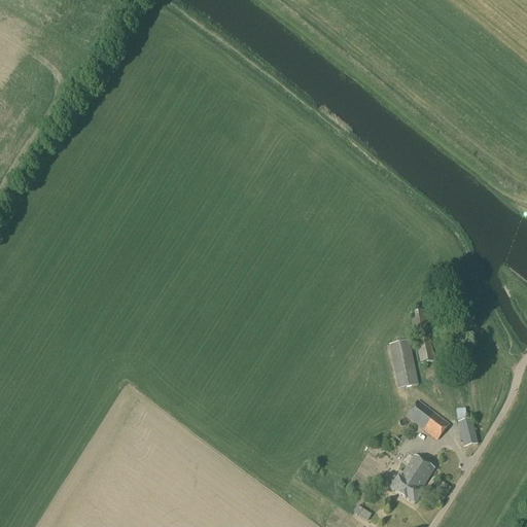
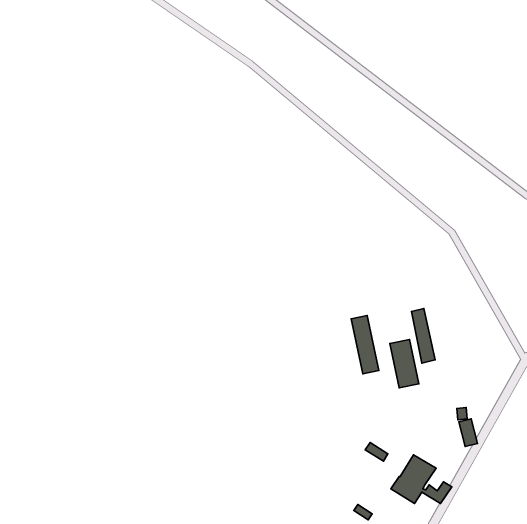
building: none -> [351,315,379,374]
building: [406,399,449,438] -> none

